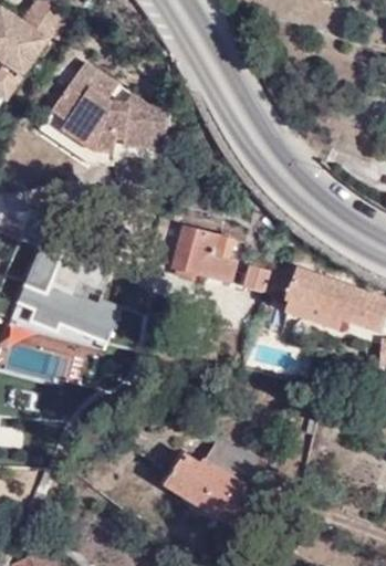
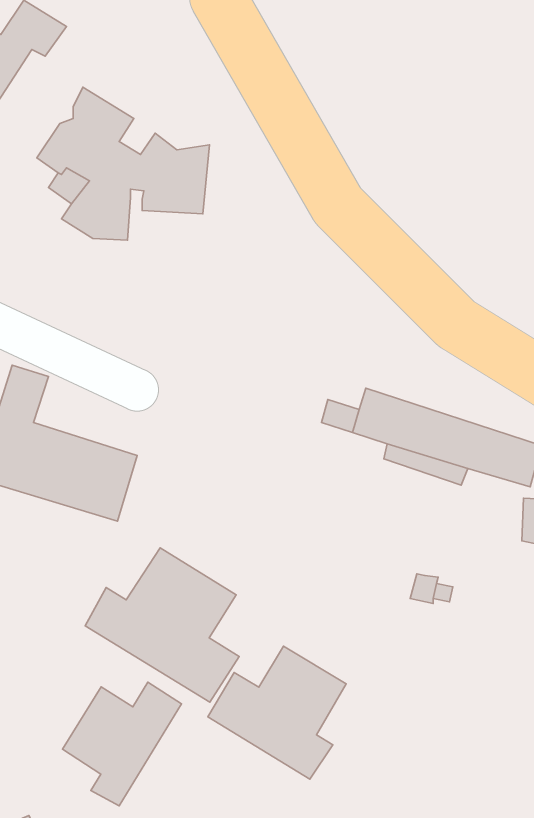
building: [146,221,234,282] -> none
building: none -> [85,548,239,702]
building: none -> [63,682,182,806]

